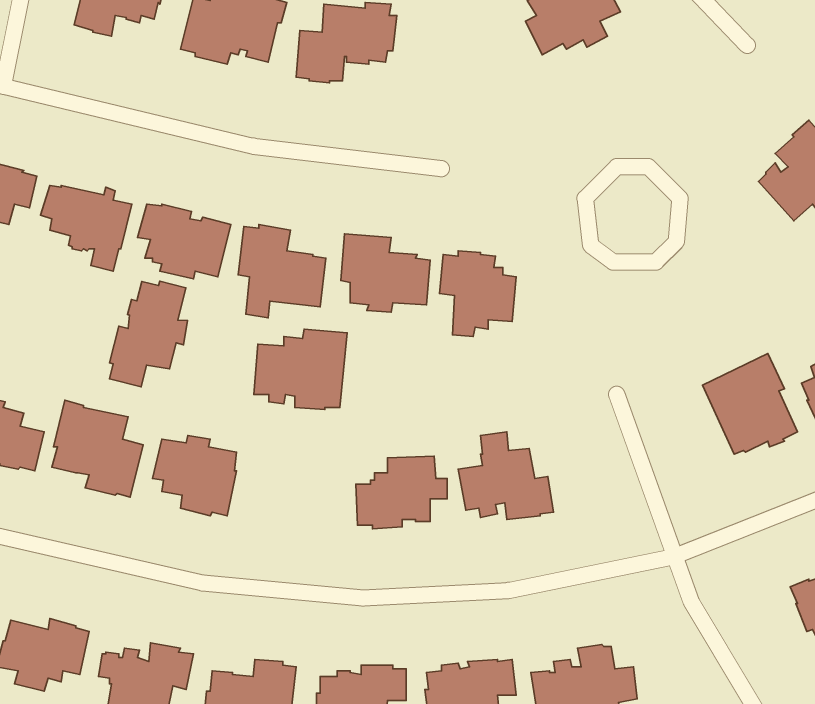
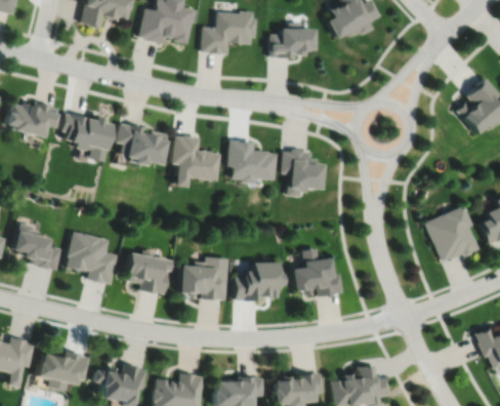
building: none -> [270,25,315,60]
building: [109,281,188,387] -> none
building: [254,329,347,409] -> [178,256,230,300]

